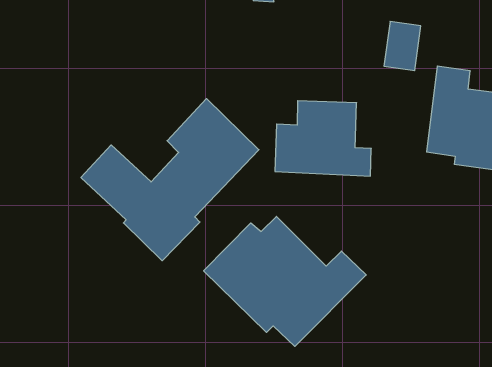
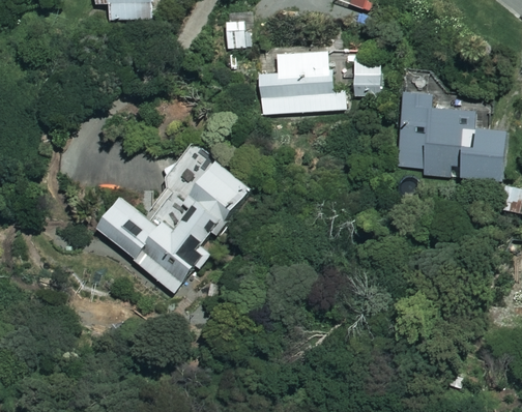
building: [275,101,371,176] -> [259,49,348,118]
building: [204,216,366,346] -> none

